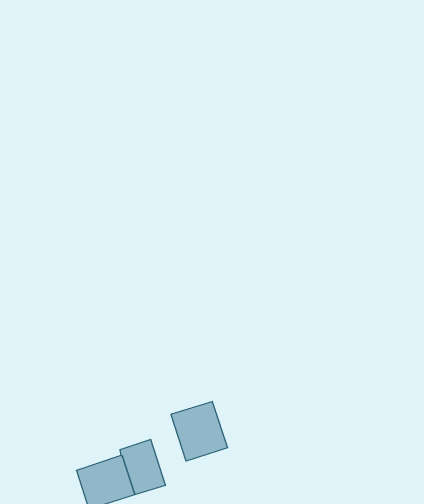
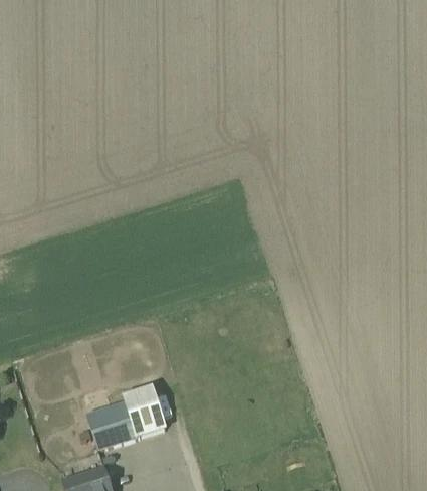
building: [171,401,227,461] -> none

